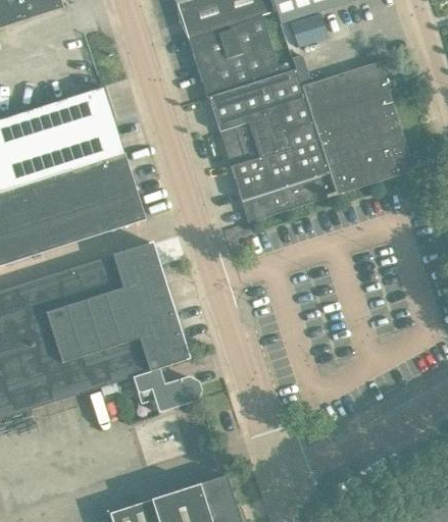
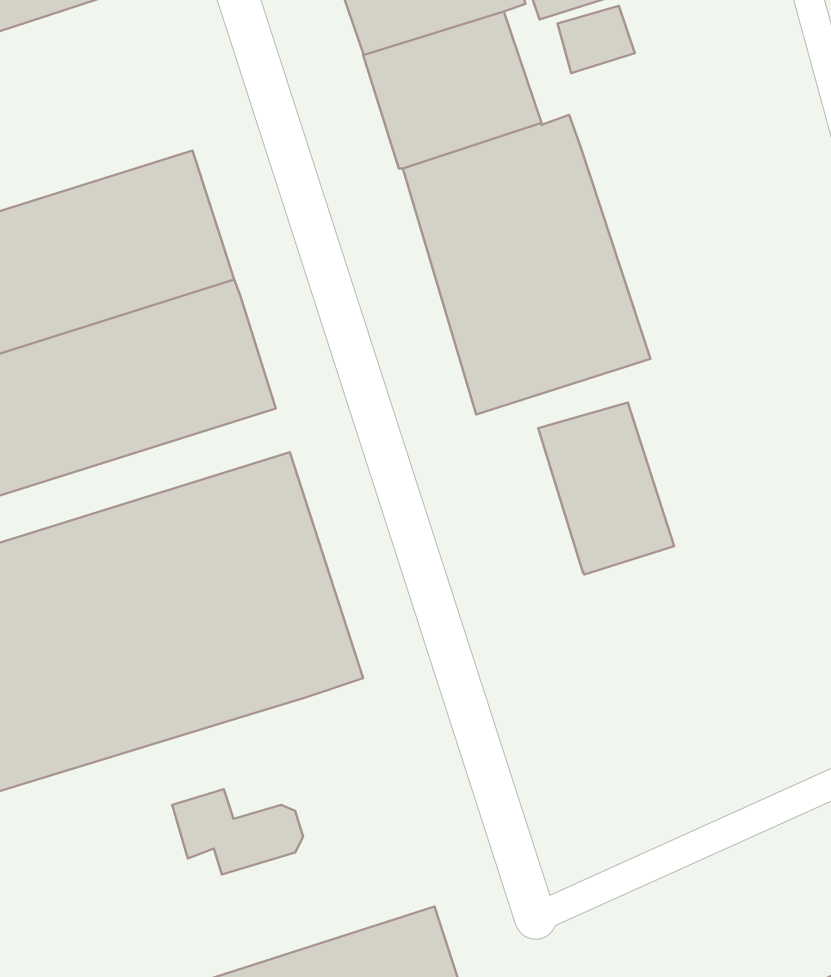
building: [302,58,414,194] -> none
building: none -> [538,402,674,575]
building: [133,368,200,412] -> [172,789,303,874]

